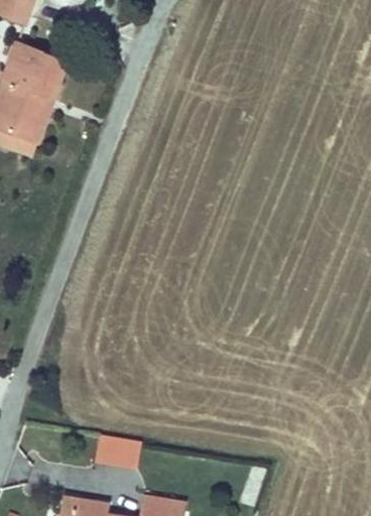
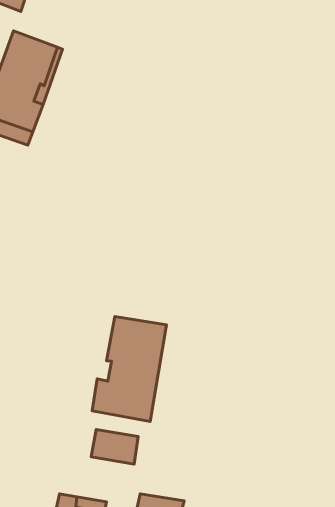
building: none -> [92,317,166,422]

